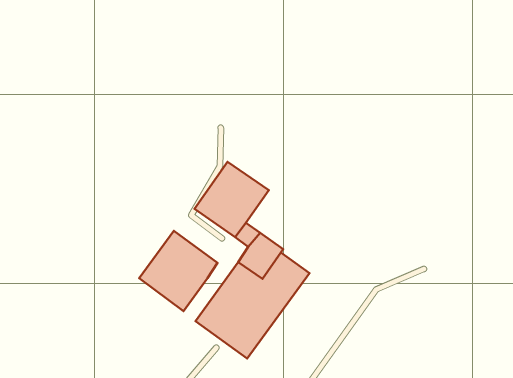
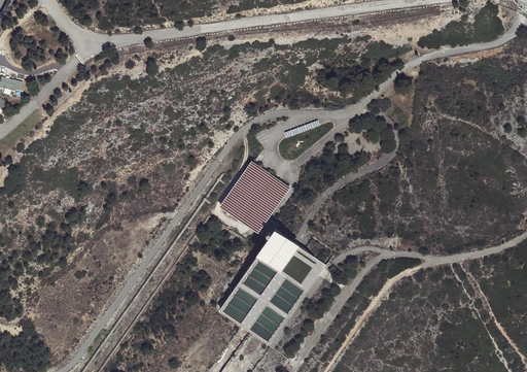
building: [139,231,218,311] -> none

